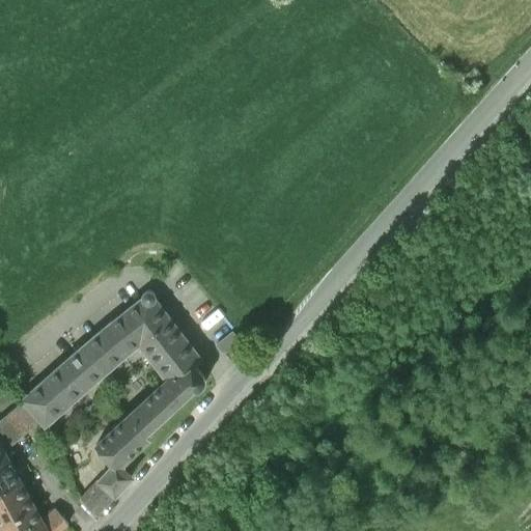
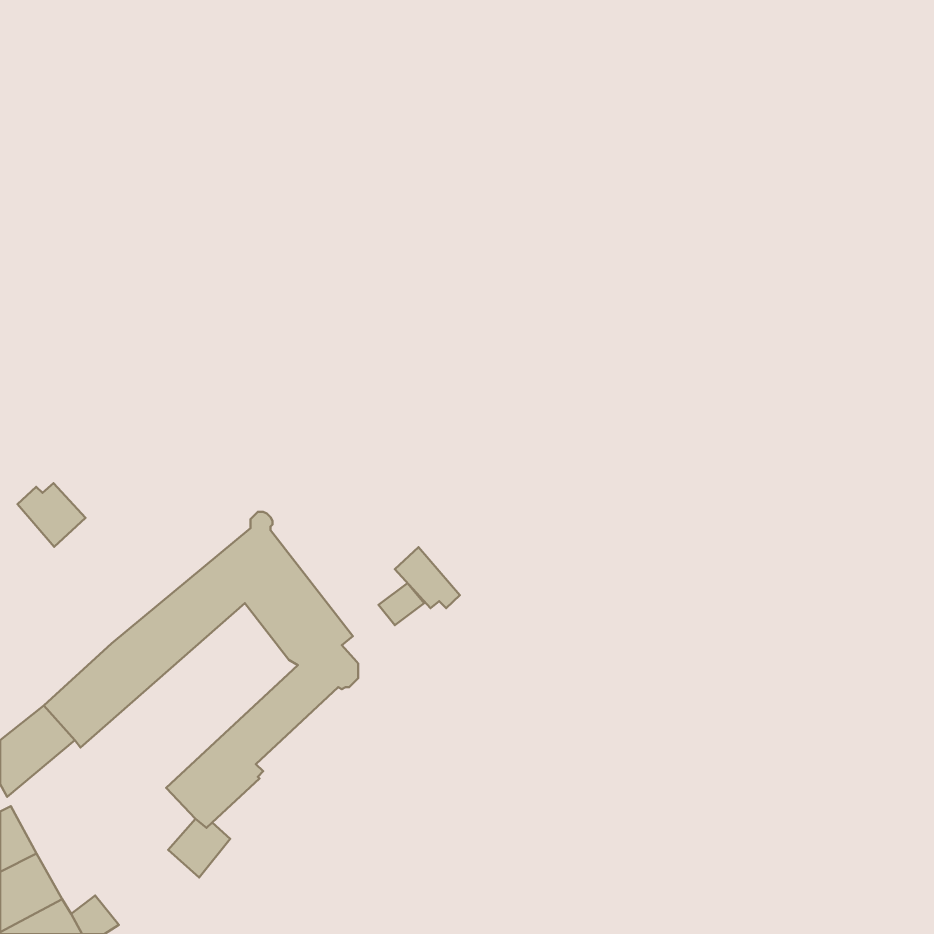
building: none -> [18,483,85,547]
building: none -> [395,547,460,608]
building: [81,482,113,516] -> none

